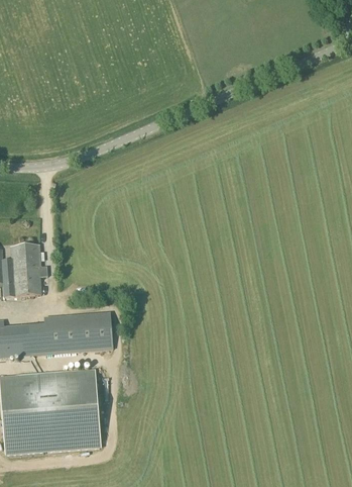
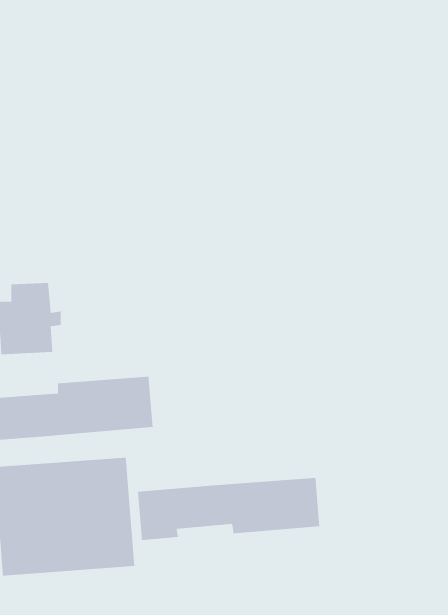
building: none -> [138,477,320,541]

